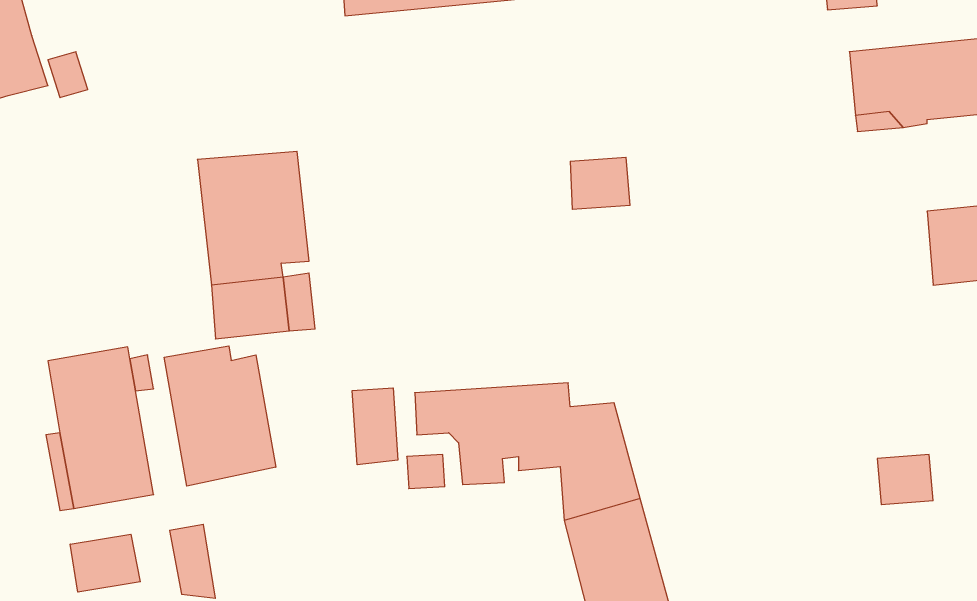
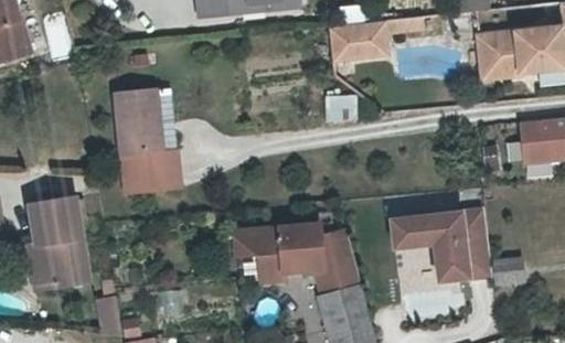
building: none -> [327,17,420,58]
building: [164,346,276,486] -> none
building: none -> [391,214,488,285]
building: [352,388,398,465] -> none
building: [70,534,140,592] -> none

